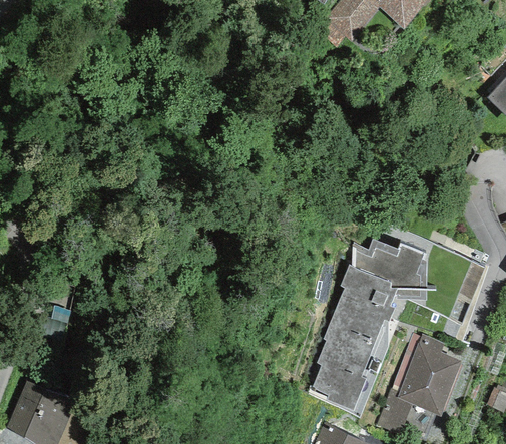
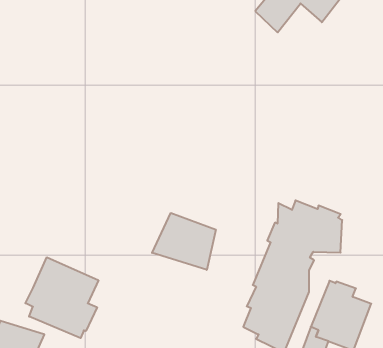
building: none -> [152,213,216,270]
building: none -> [25,257,98,338]

